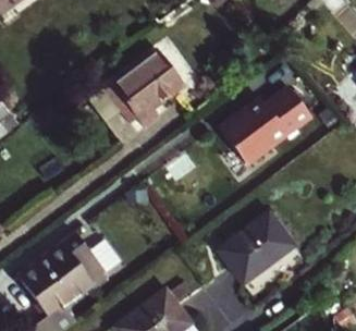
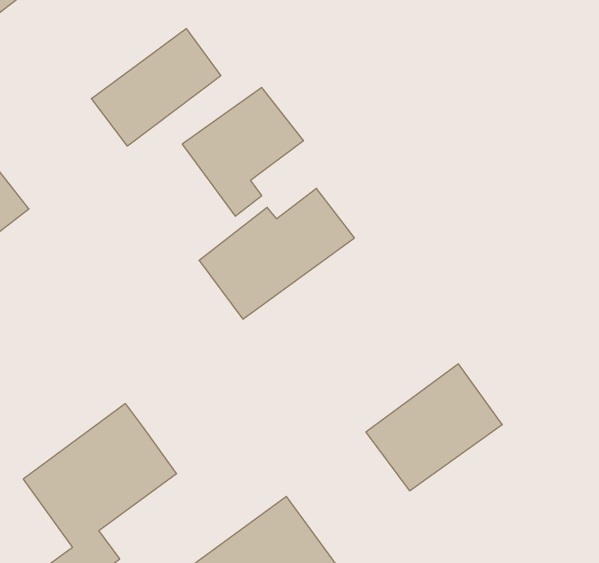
building: none -> [91,29,221,146]
building: [223,87,312,162] -> [199,188,354,319]

